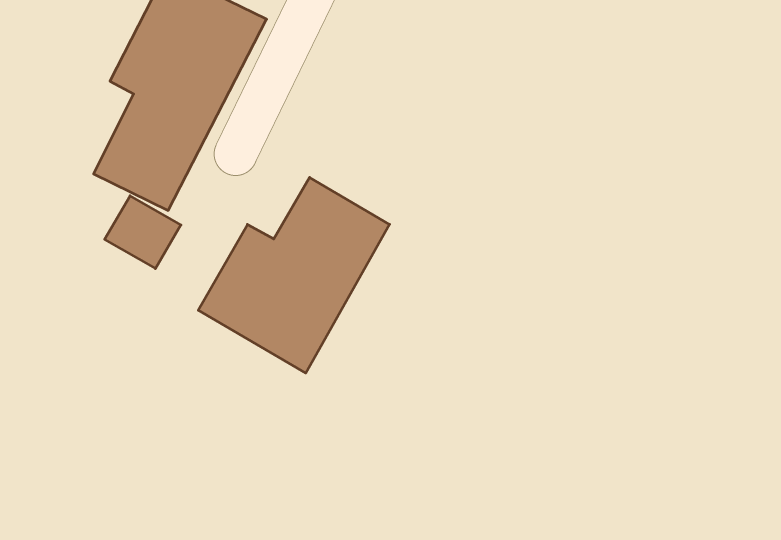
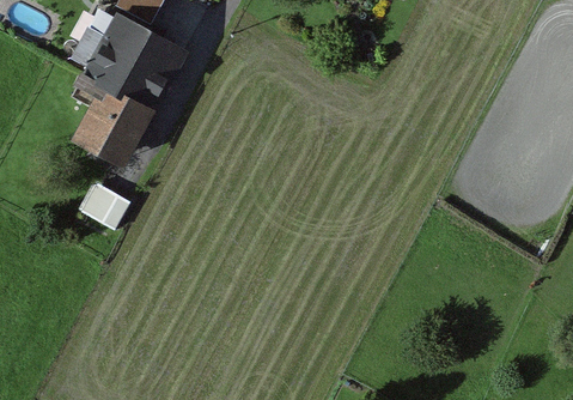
building: [198,177,390,373] -> none

